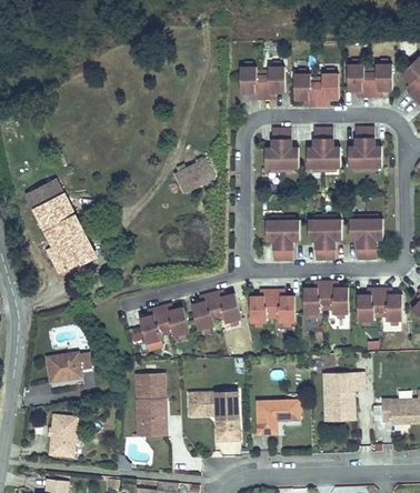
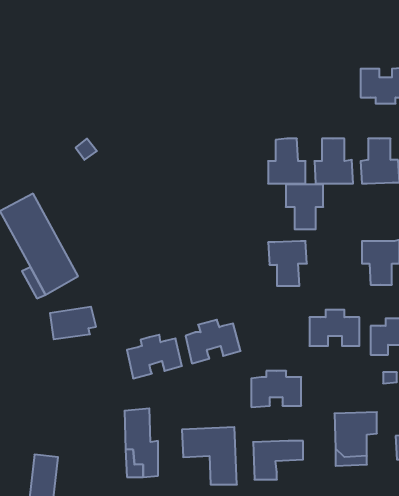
building: [239,69,283,101] -> none
building: [293,77,338,109] -> none
building: [177,158,214,190] -> none
building: [307,221,340,261] -> [286,184,323,229]
building: [249,291,293,323] -> [251,371,301,407]
building: [49,351,90,380] -> [50,307,96,339]

